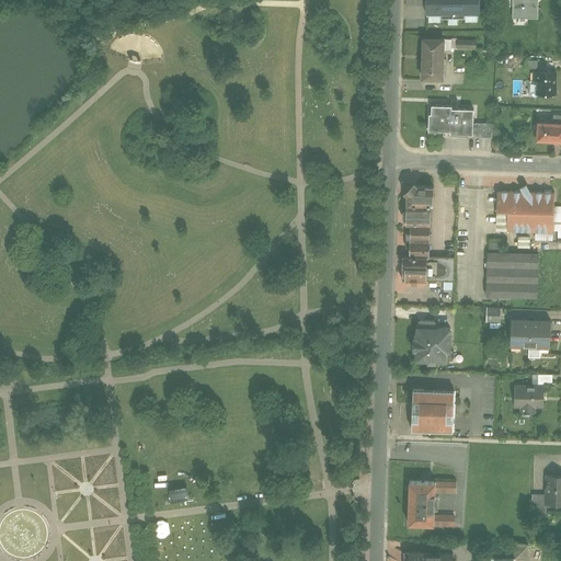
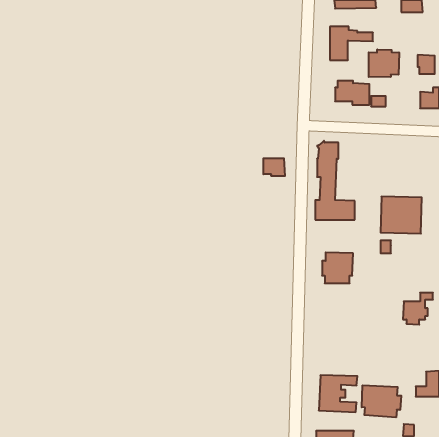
building: none -> [369,49,399,77]
building: [496,184,554,236] -> none
building: none -> [263,158,285,176]
building: [510,319,550,360] -> none
building: [410,389,454,435] -> none
building: none -> [362,385,401,417]

